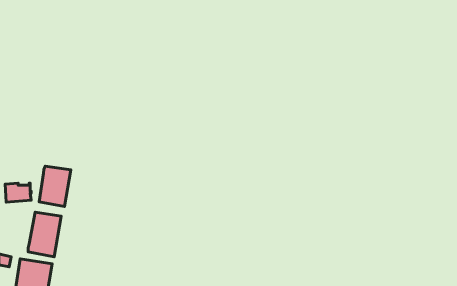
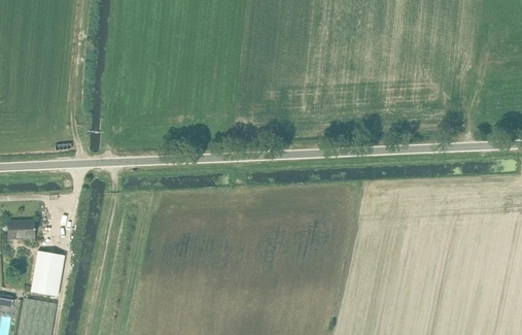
building: [39,166,71,207] -> none

